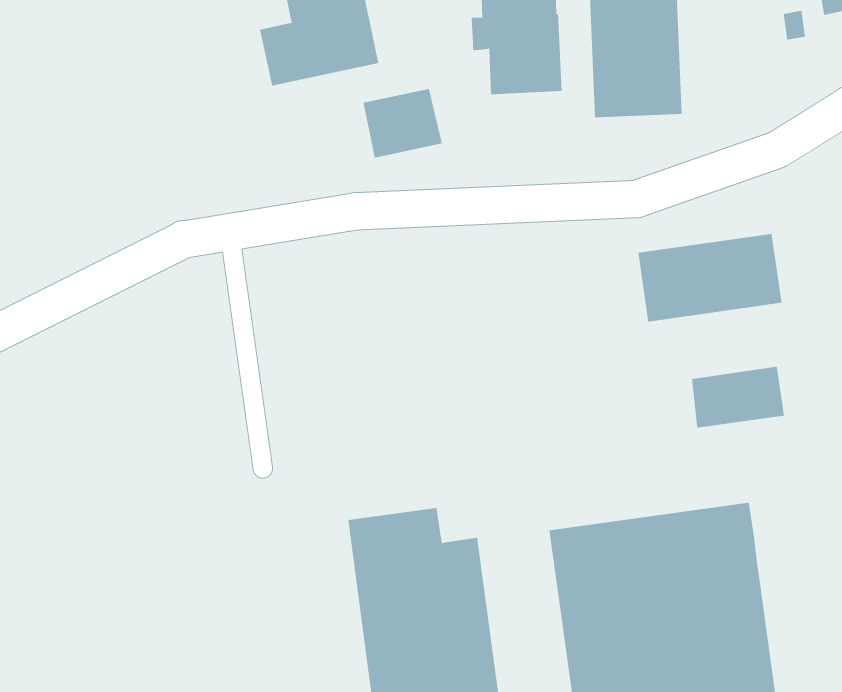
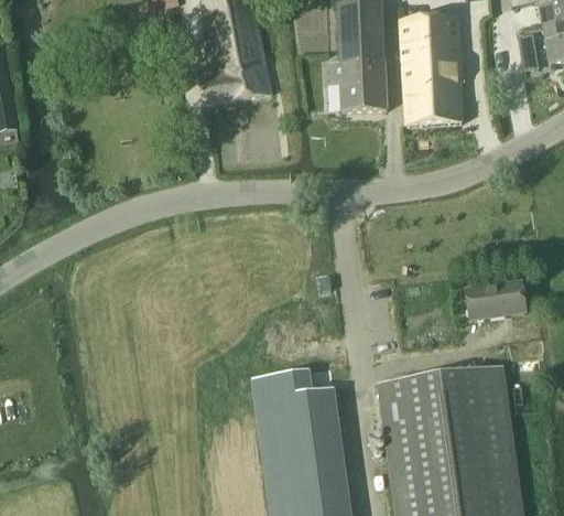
building: [363,88,442,158] -> none
building: [638,233,782,322] -> none

